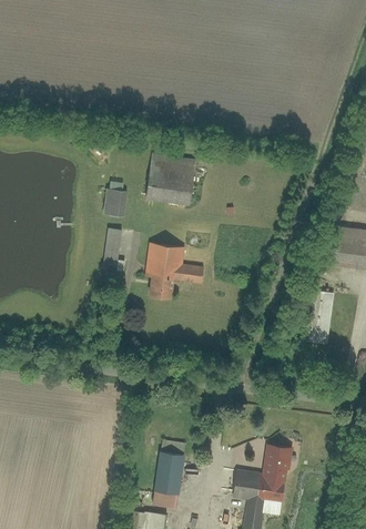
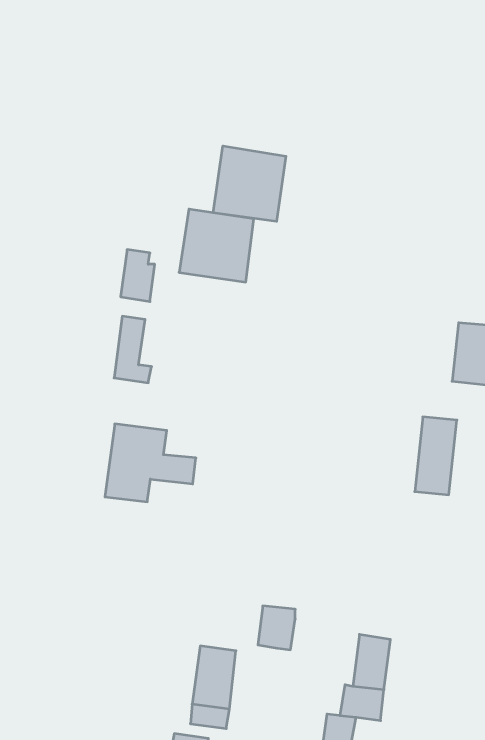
building: none -> [213,146,286,221]
building: [143,240,205,293] -> [105,424,196,502]
building: [233,466,258,496] -> [258,606,295,650]

